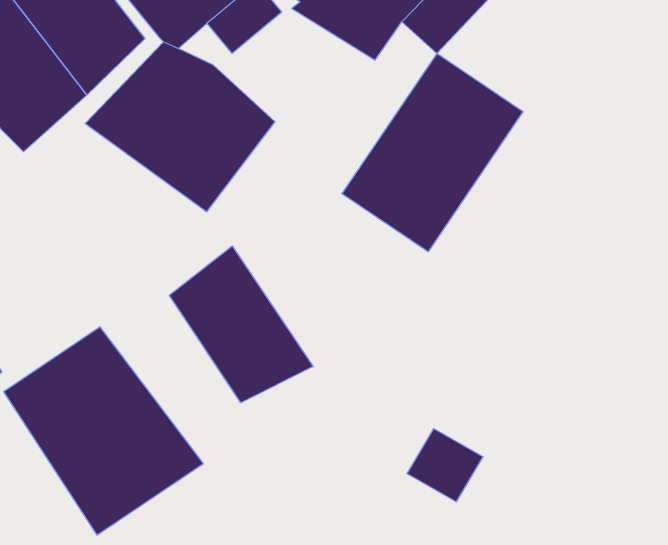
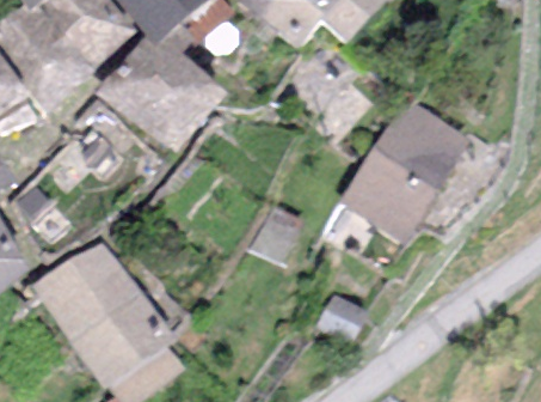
building: [342,53,523,252] -> [338,98,468,240]
building: [169,246,313,403] -> none

